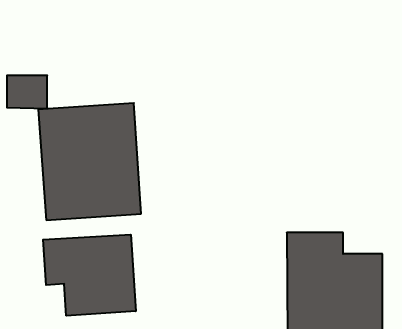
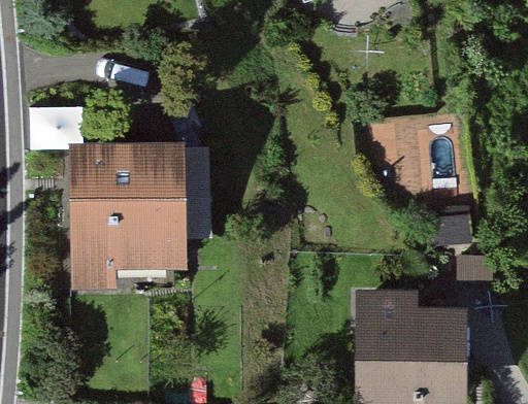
building: [43,235,136,316] -> none

